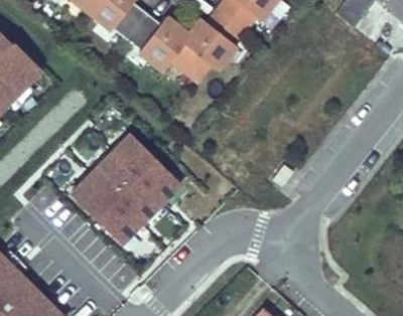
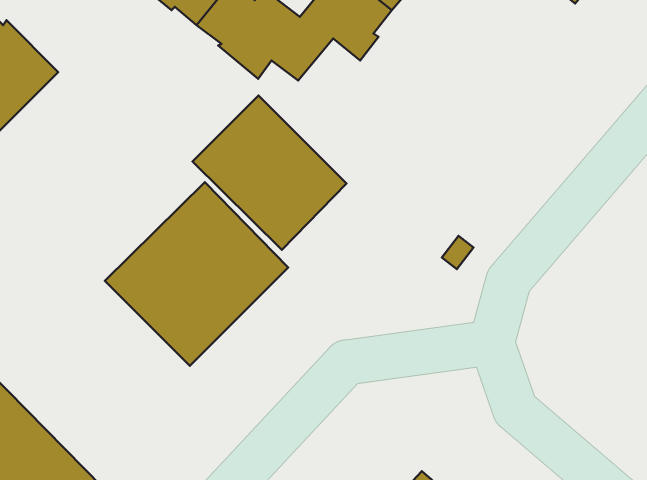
building: none -> [193,96,346,250]

